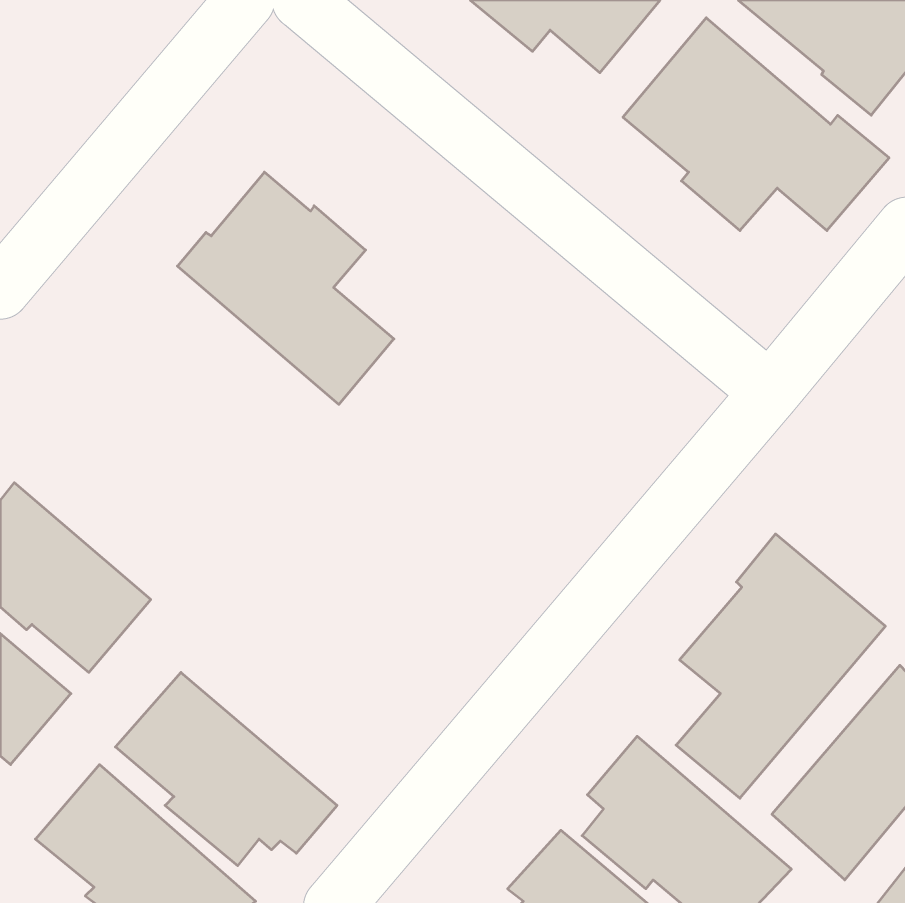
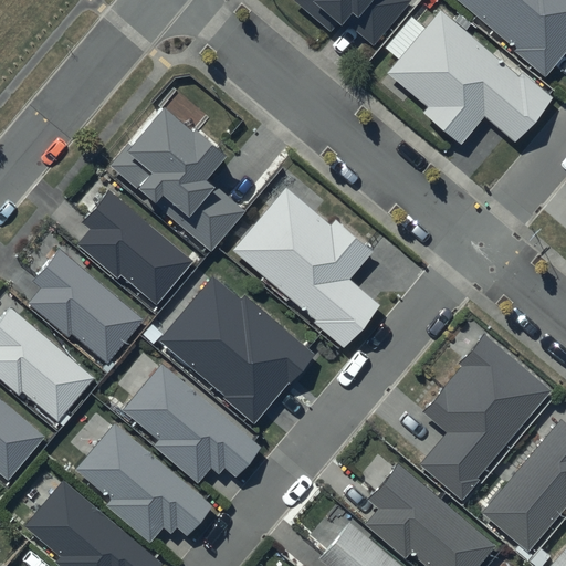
building: none -> [230,186,379,347]
building: none -> [75,188,192,304]
building: none -> [29,252,145,366]
building: none -> [158,281,318,430]
building: none -> [120,360,261,482]

